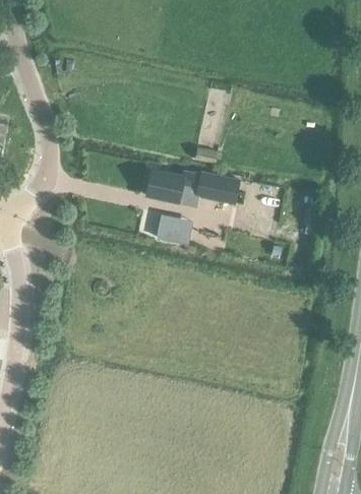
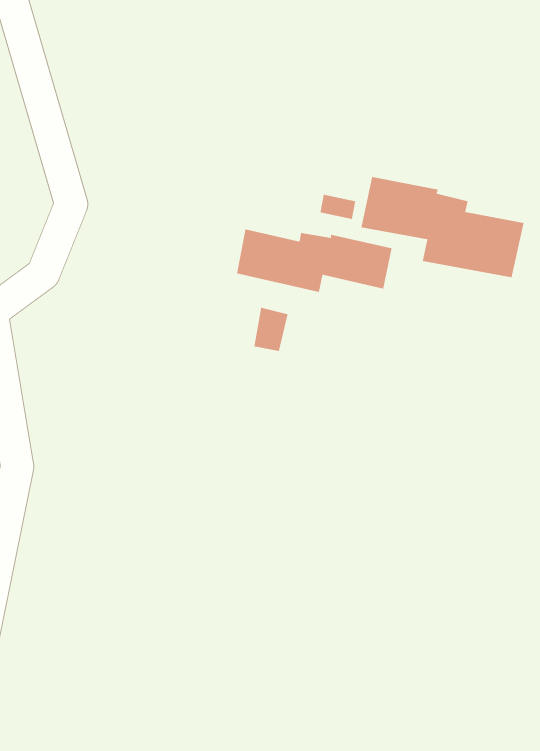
building: none -> [361,176,525,278]

